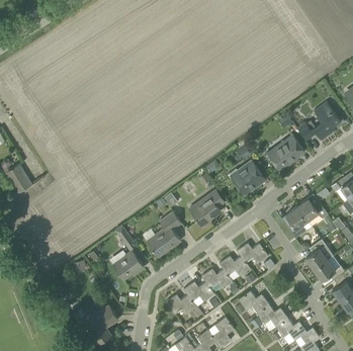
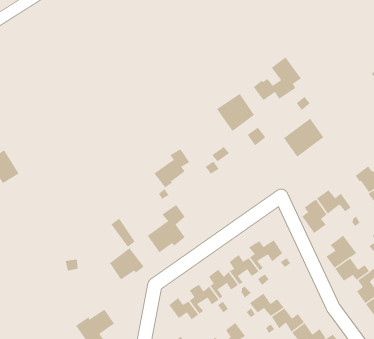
building: [297,101,341,141] -> [253,56,302,101]
building: [231,161,265,195] -> [216,93,255,132]
building: [192,190,225,226] -> [154,148,190,188]

